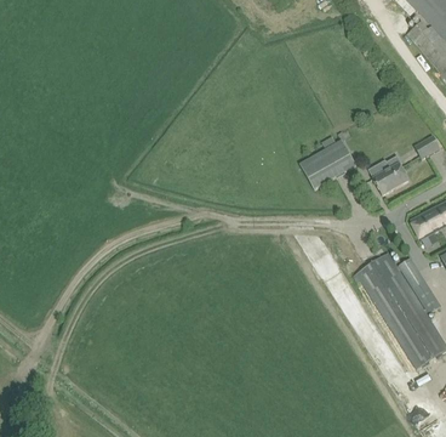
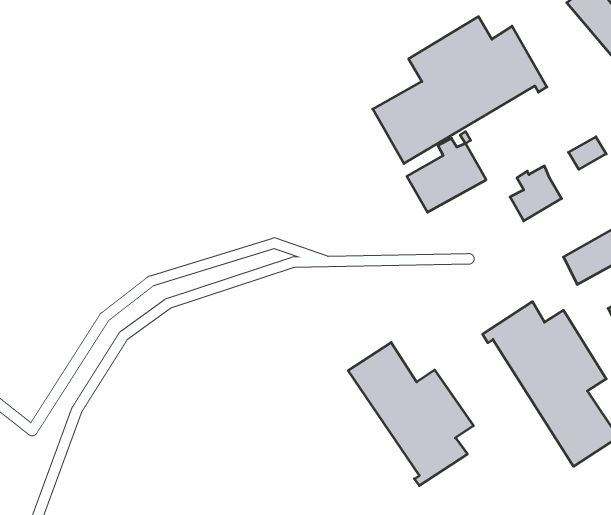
building: none -> [373,17,547,164]
building: none -> [348,342,473,486]

